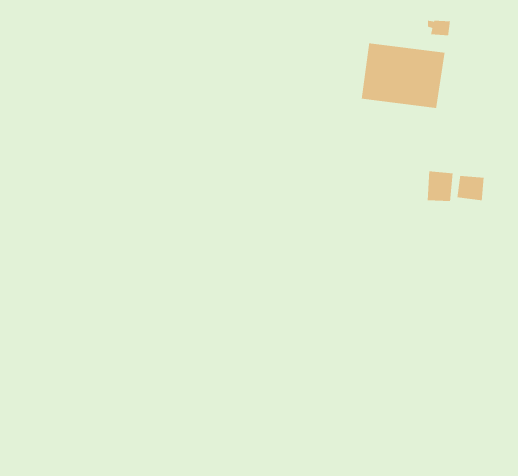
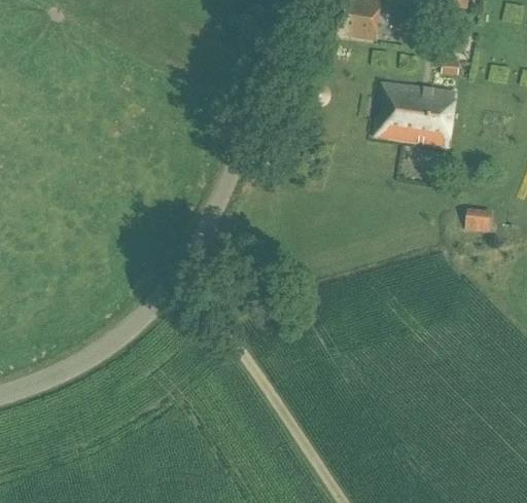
building: [427,170,453,202] -> none

